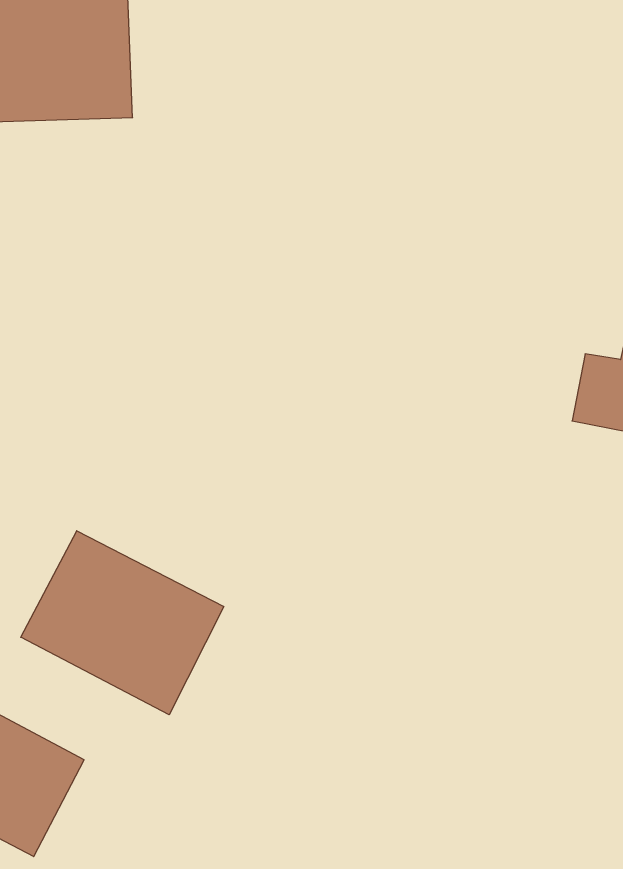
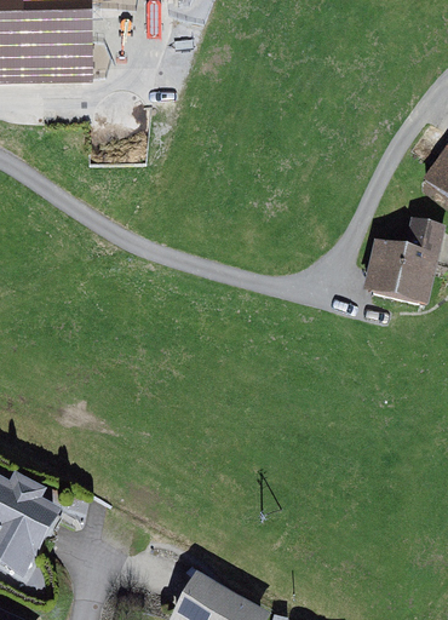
building: [21,531,224,715] -> none

